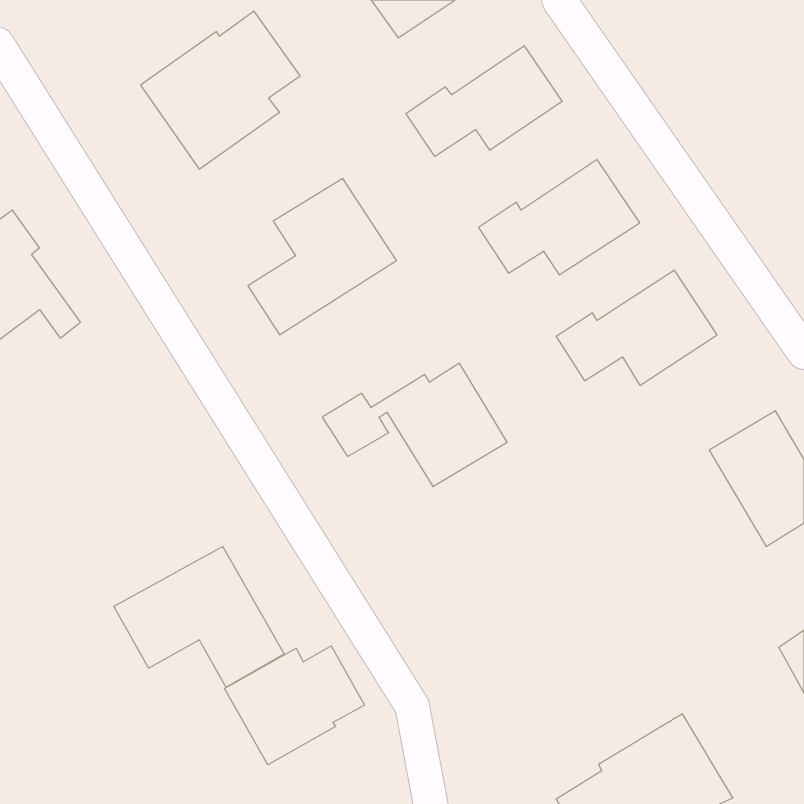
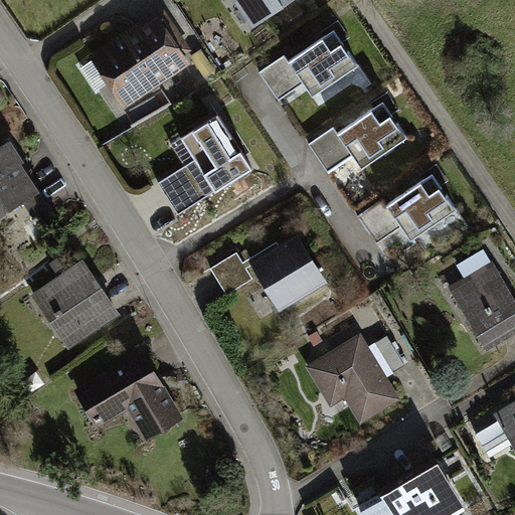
building: none -> [35,261,120,345]
building: none -> [309,335,400,423]
building: [224,646,364,765] -> none

